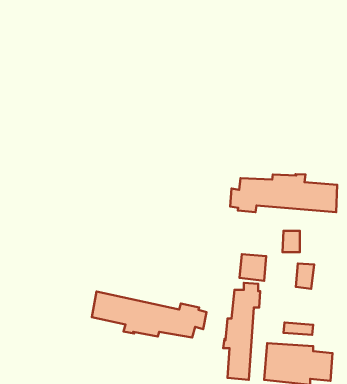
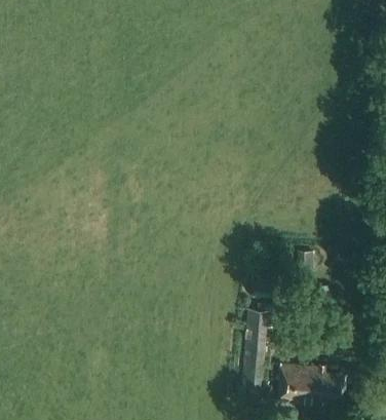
building: [230,174,337,212] -> none
building: [92,292,207,338] -> none

